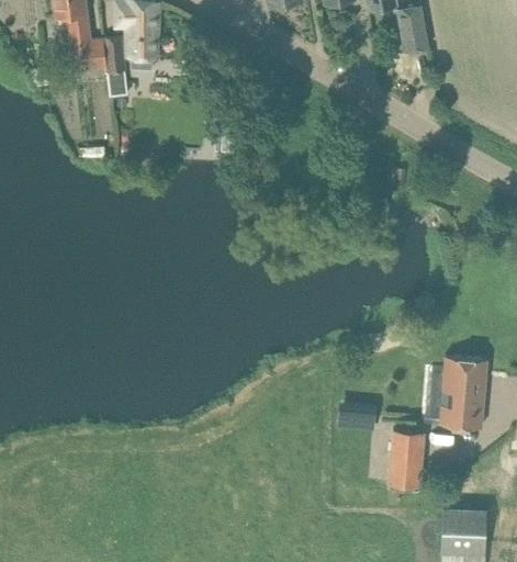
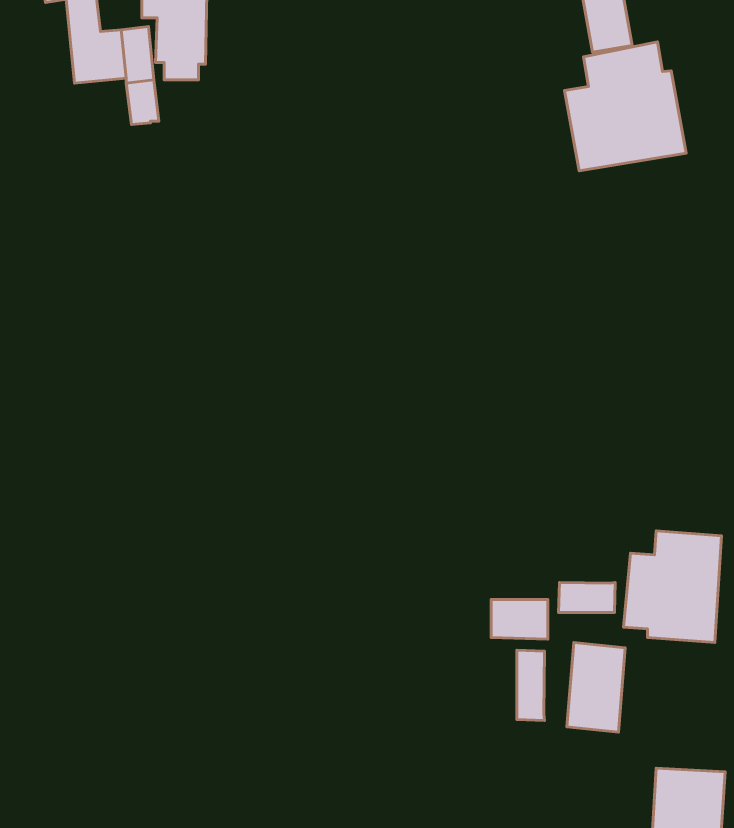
building: none -> [565,42,686,171]
building: none -> [559,583,615,612]
building: none -> [517,650,544,720]

